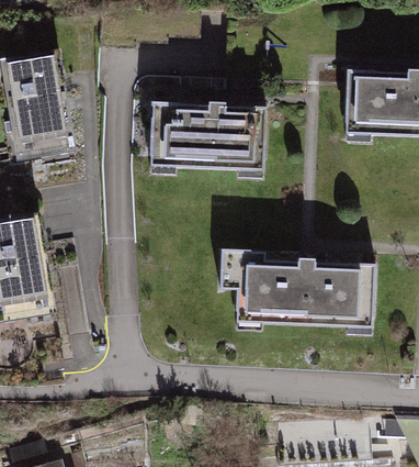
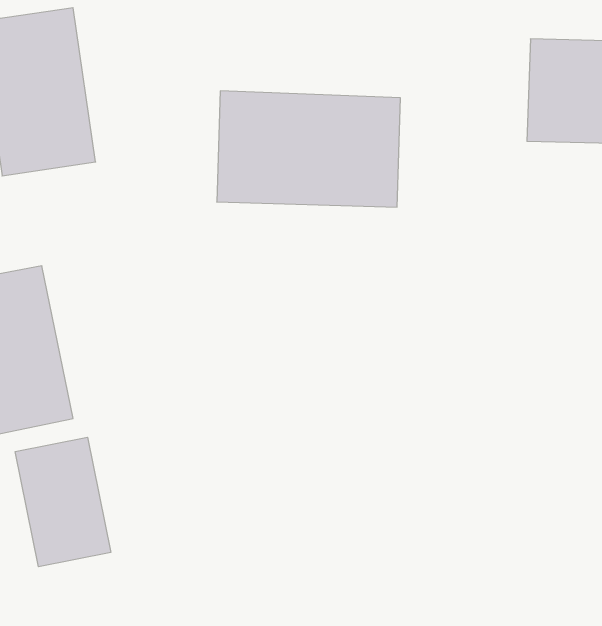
building: [220,251,376,333] -> none
building: none -> [15,437,111,567]

